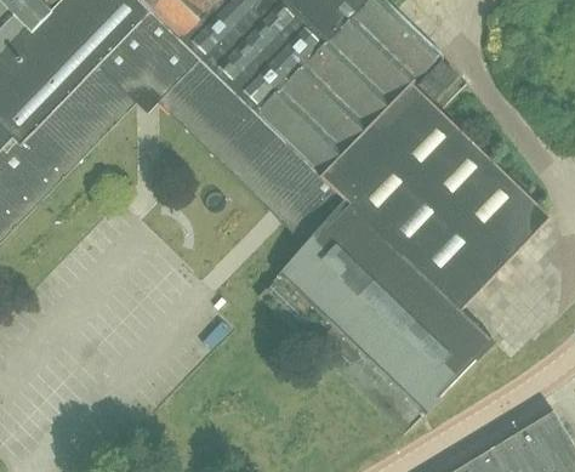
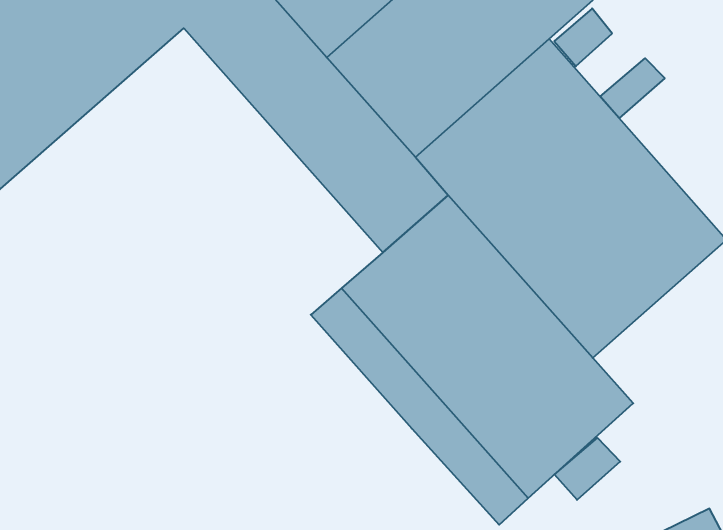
building: none -> [600,58,665,118]
building: none -> [554,438,620,500]

